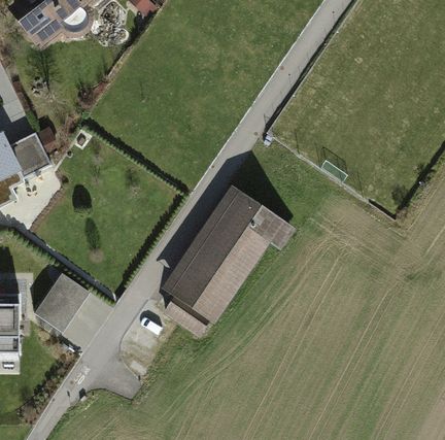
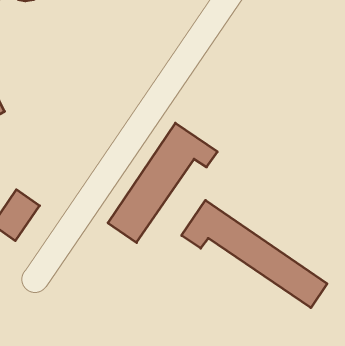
building: none -> [182,200,327,308]

